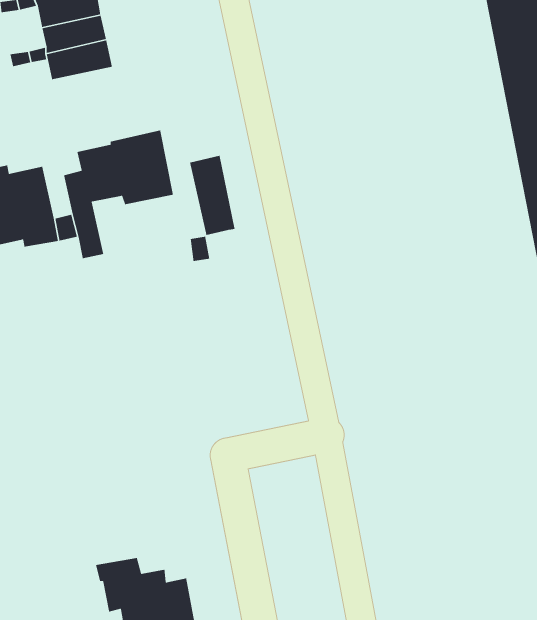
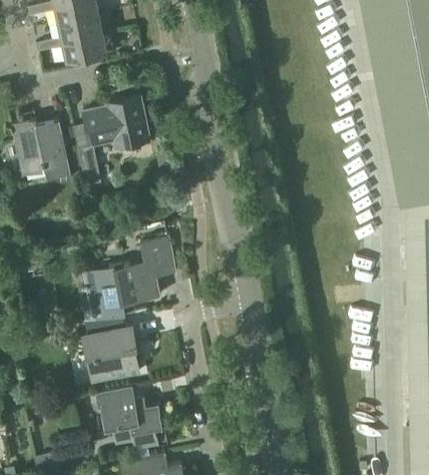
building: [189,155,235,236] -> none
building: none -> [83,234,177,320]
building: none -> [83,328,139,385]

